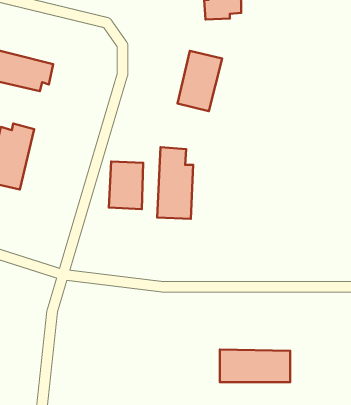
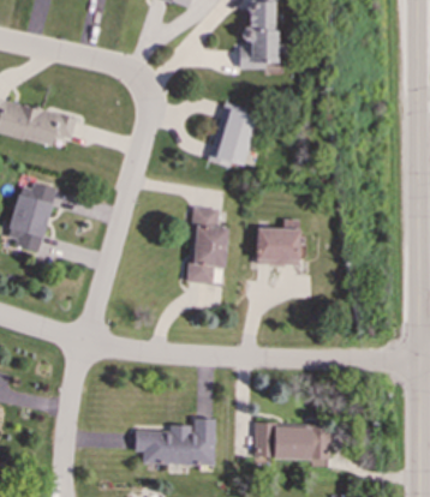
building: none -> [257,218,299,265]
building: [109,162,143,209] -> none
building: none -> [136,418,215,465]

